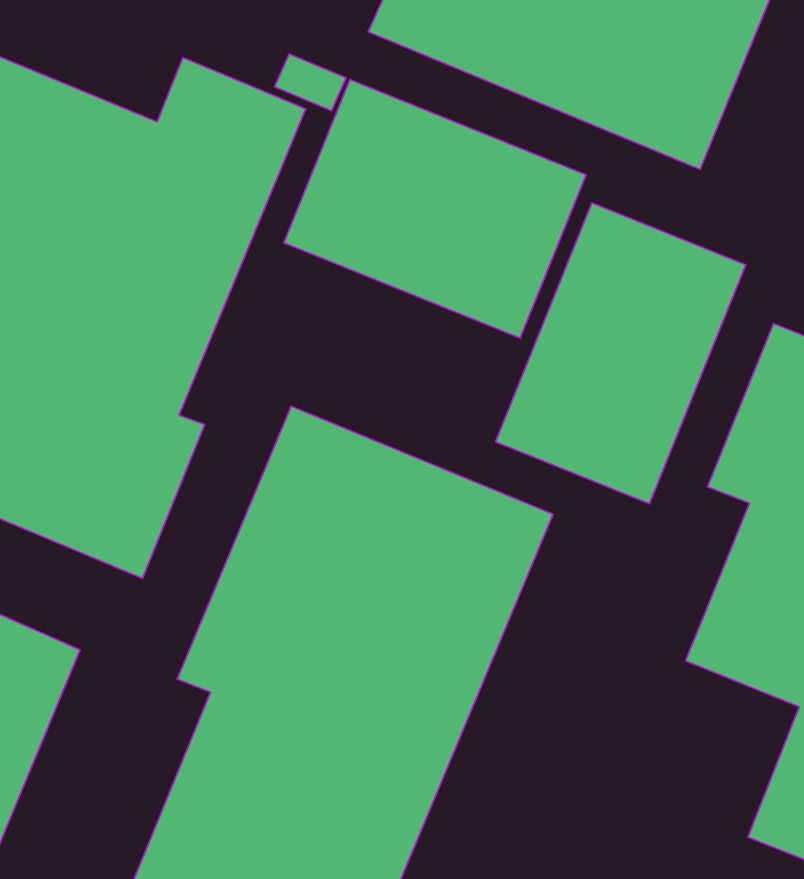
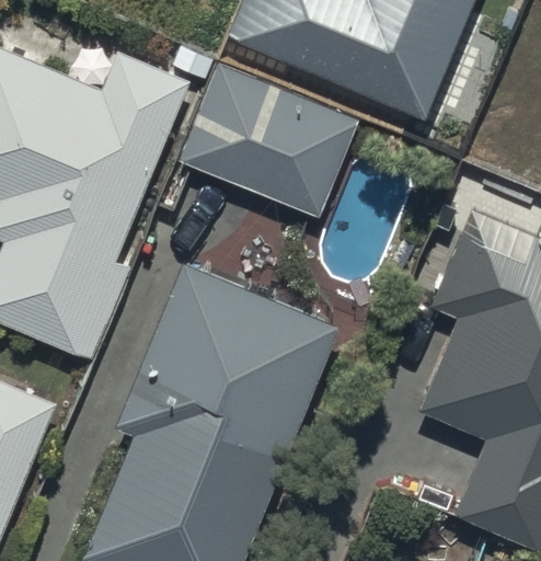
building: [495,203,746,504] -> none

